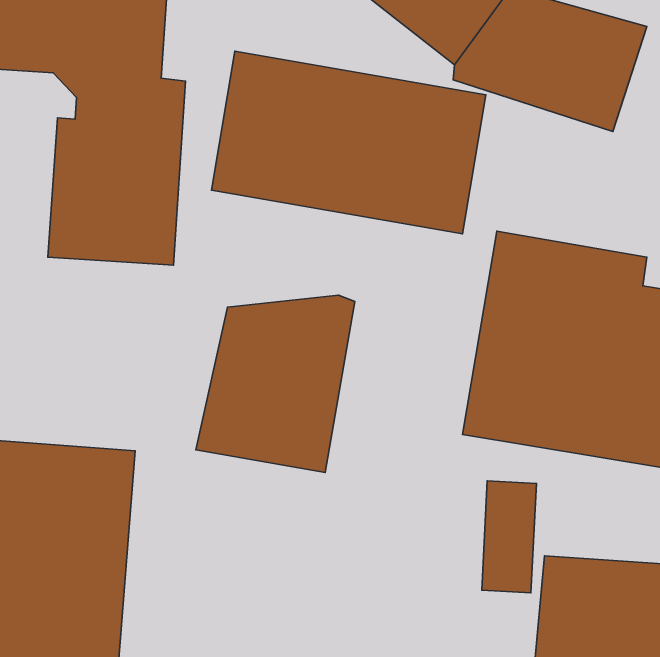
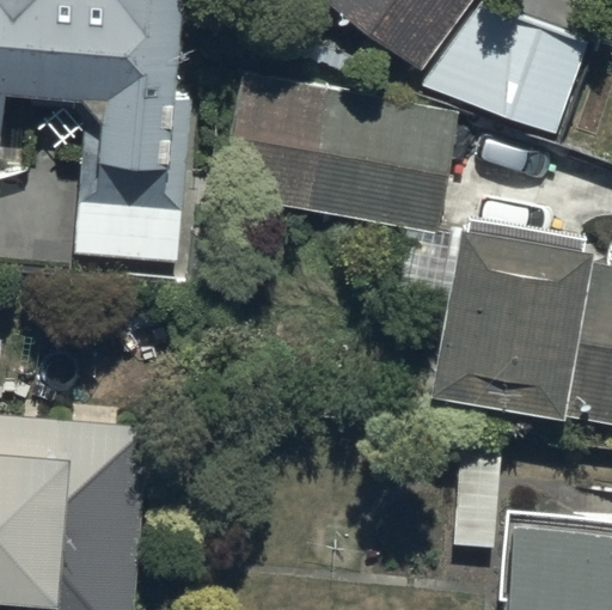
building: [196,295,355,472] -> none

